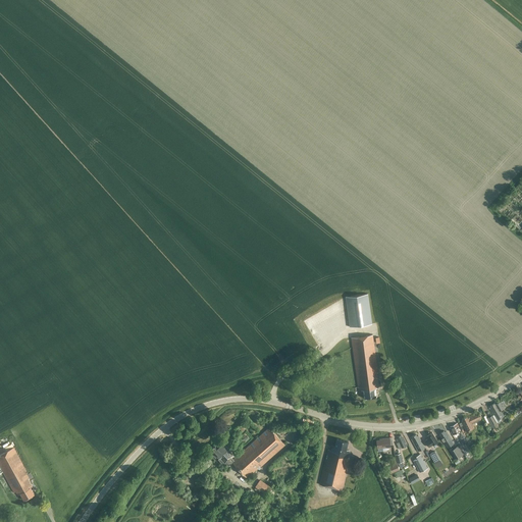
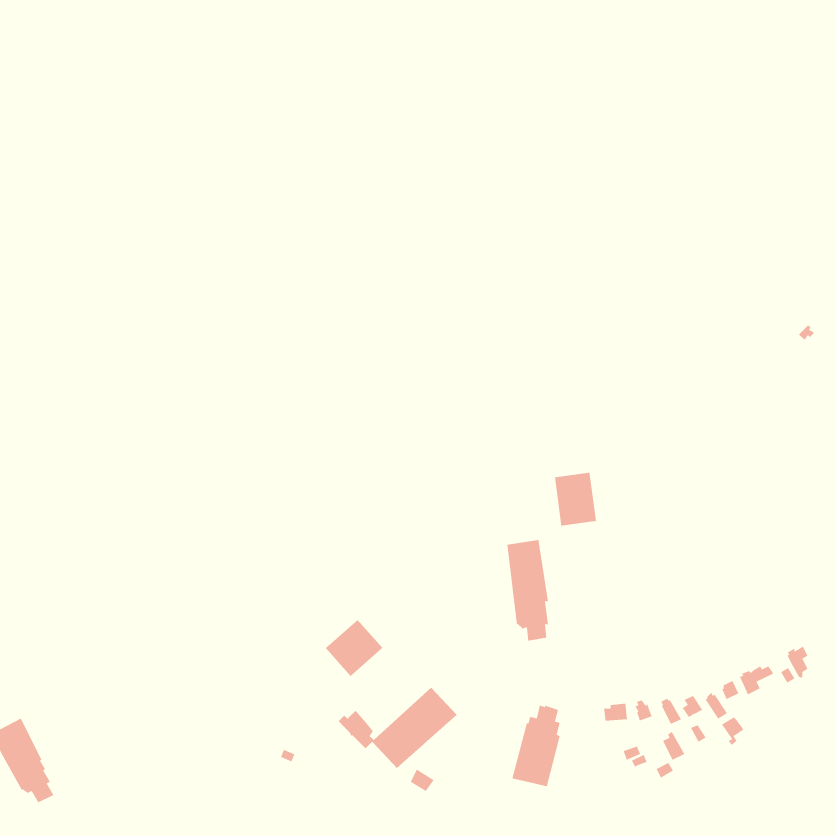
building: [351,335,377,399] -> [506,539,549,641]
building: none -> [325,619,383,677]

